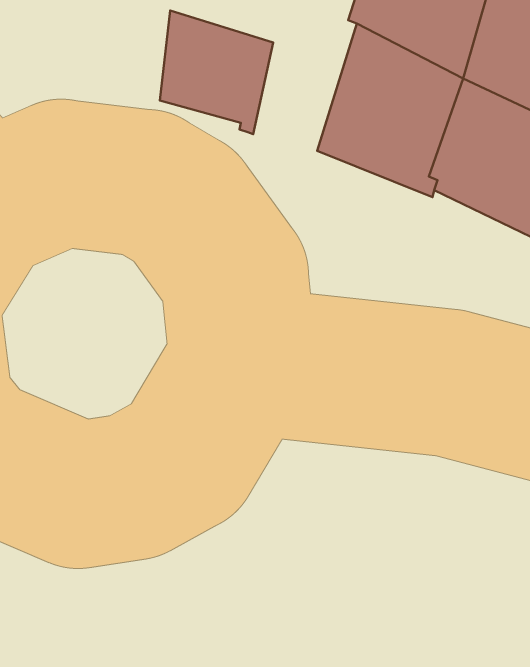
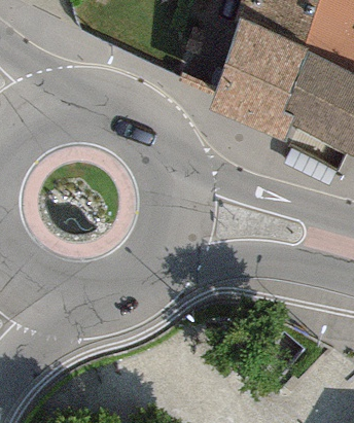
building: [160,11,273,134] -> none

